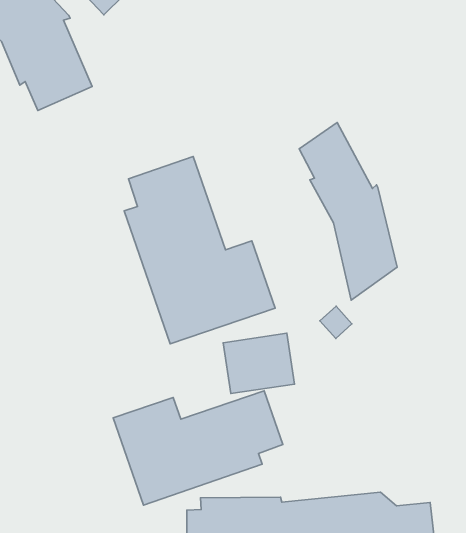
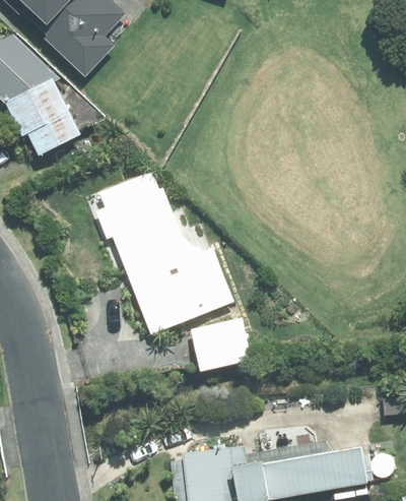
building: [299,122,397,300] -> none
building: [113,391,283,505] -> none

